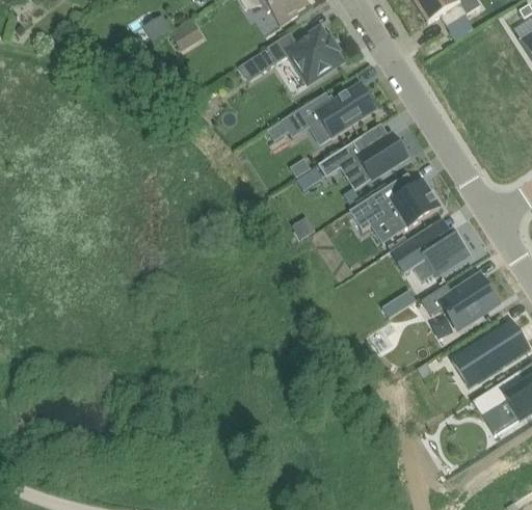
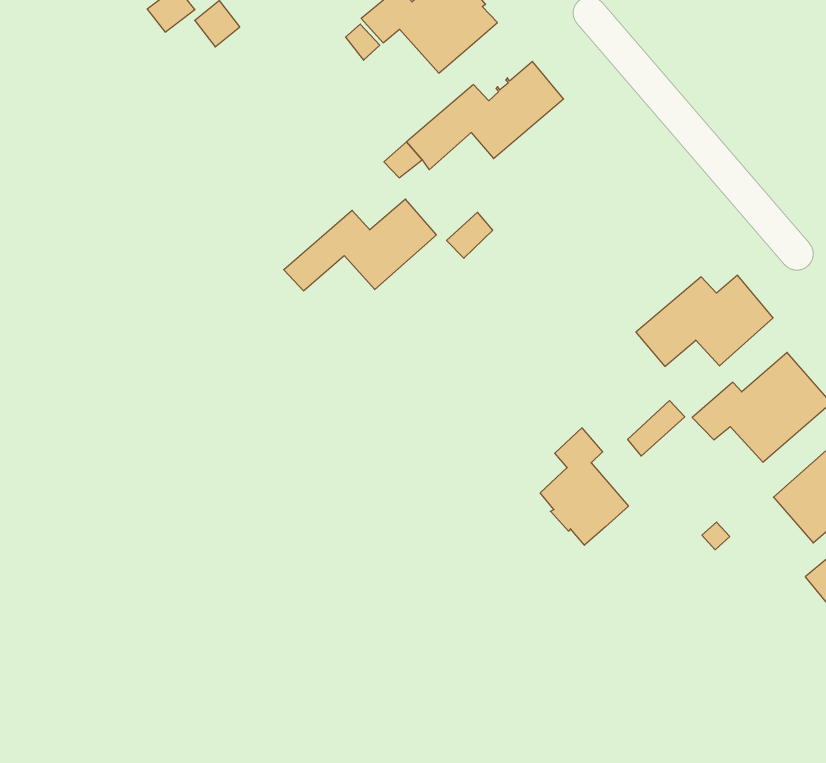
building: [317,134,406,183] -> [284,199,436,291]
building: [350,172,440,234] -> none
building: none -> [540,428,628,545]

